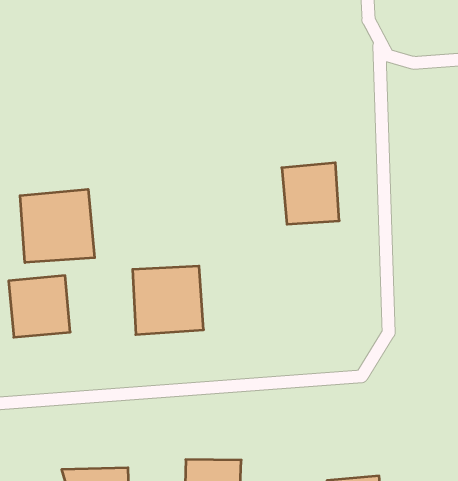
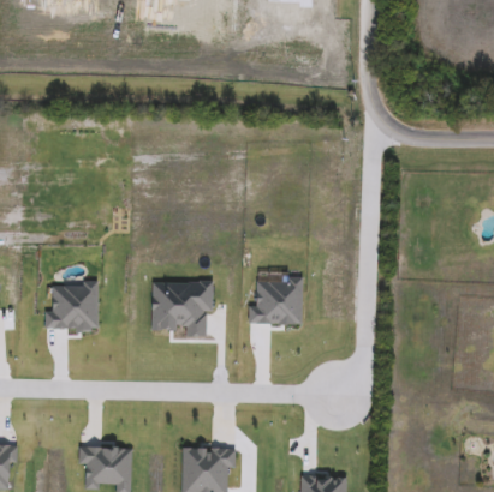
building: [282,163,339,224] -> [255,276,300,325]
building: [20,189,95,263] -> none

